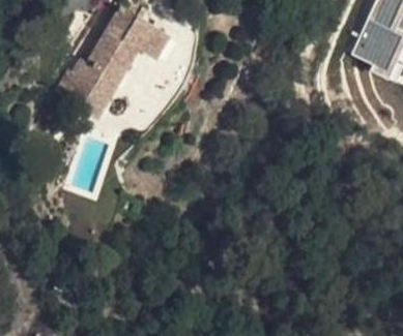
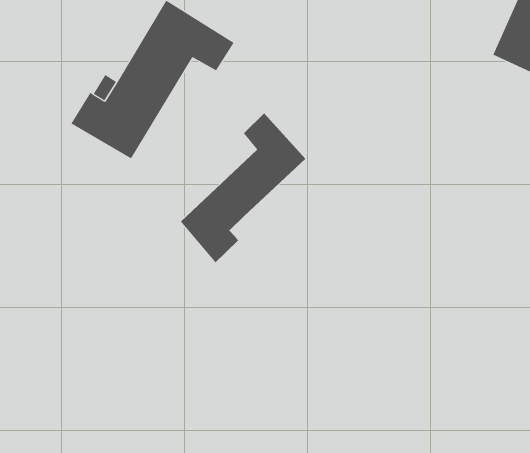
building: none -> [180,112,306,263]

